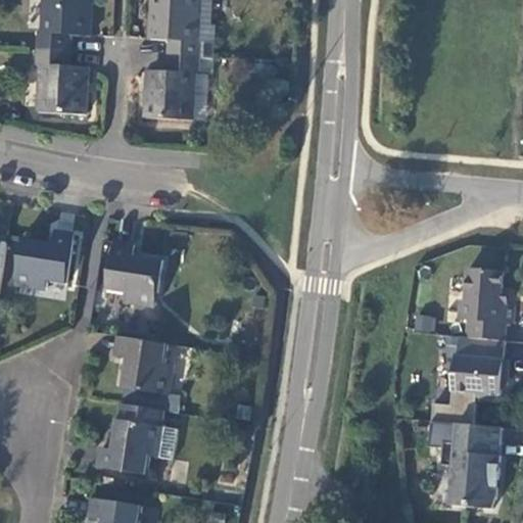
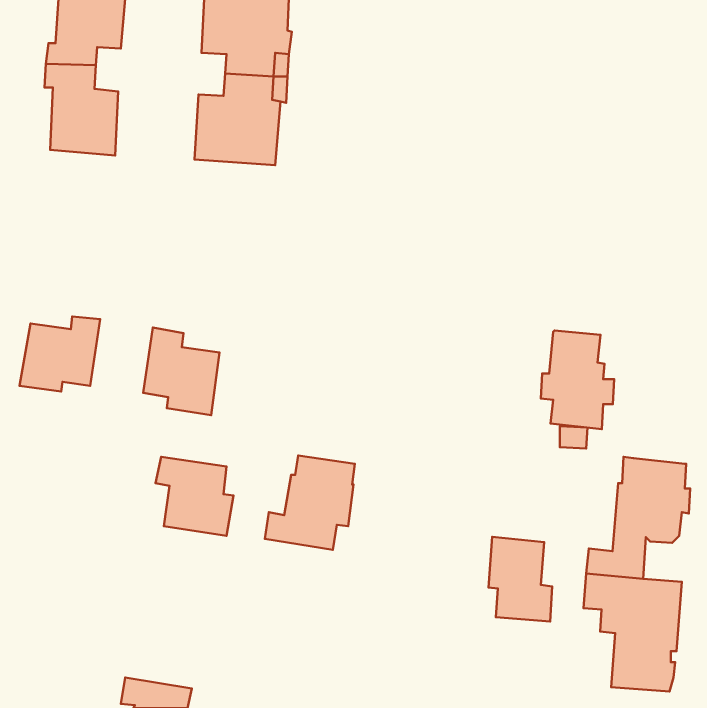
building: [459,269,513,341] -> [541,331,614,429]
building: none -> [489,537,552,622]
building: [96,405,162,474] -> [265,455,355,550]

